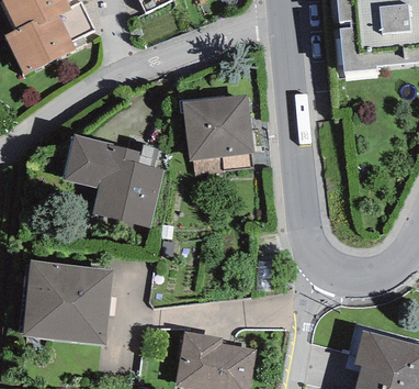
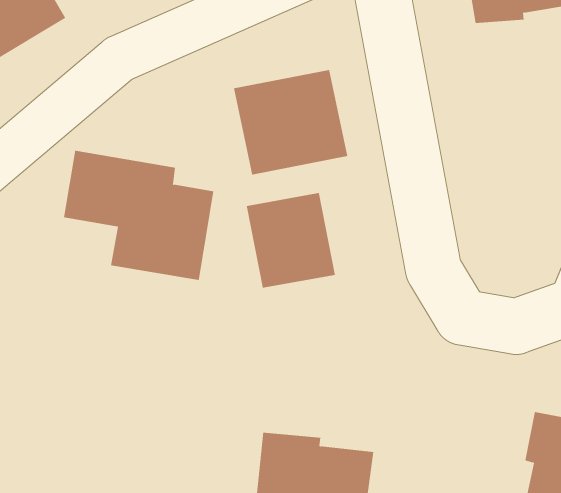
building: none -> [246,192,335,289]
building: [22,260,112,344] -> none

